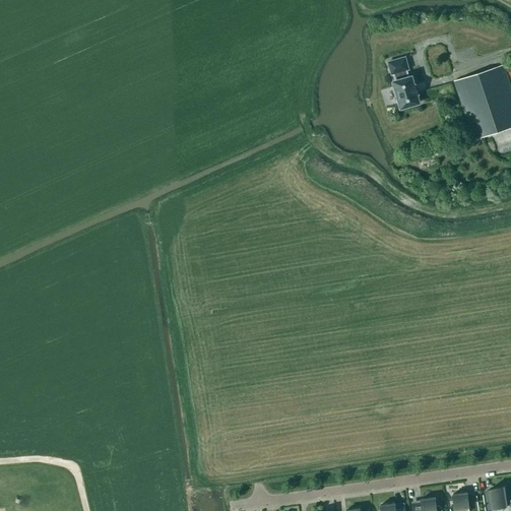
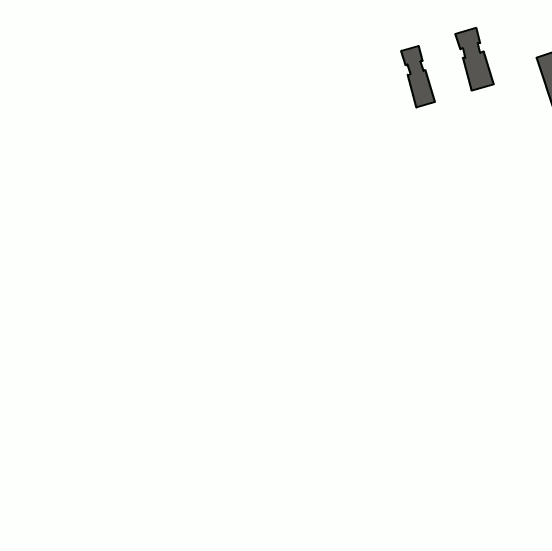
building: none -> [401,46,435,108]

